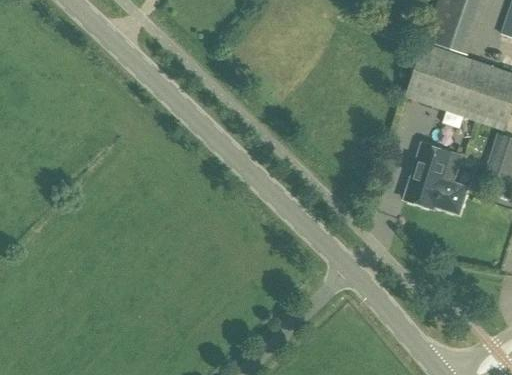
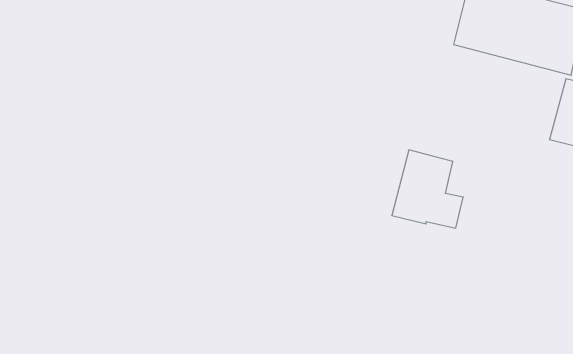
building: [405,143,467,212] -> [392,150,463,228]

